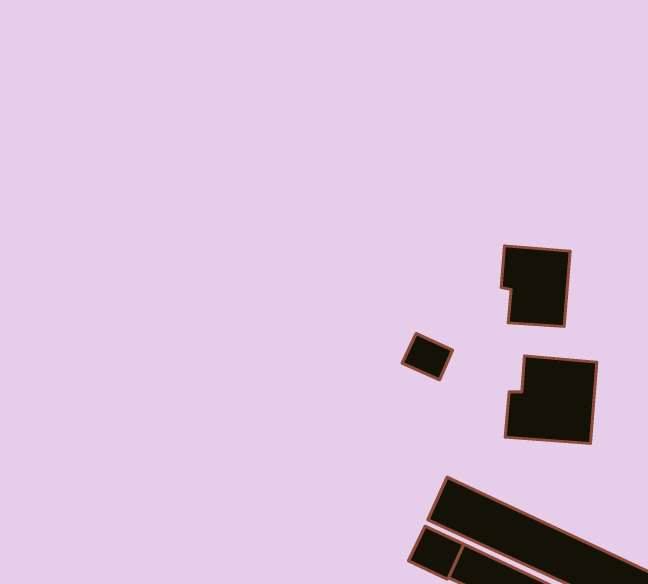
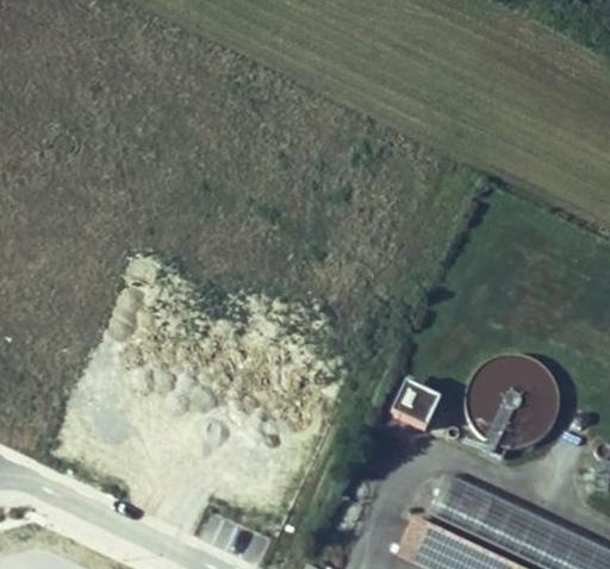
building: [501,246,570,327] -> none
building: [402,333,452,380] -> [388,389,435,432]

